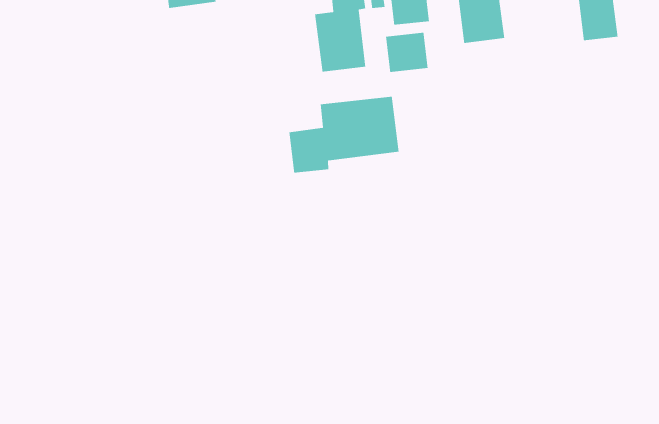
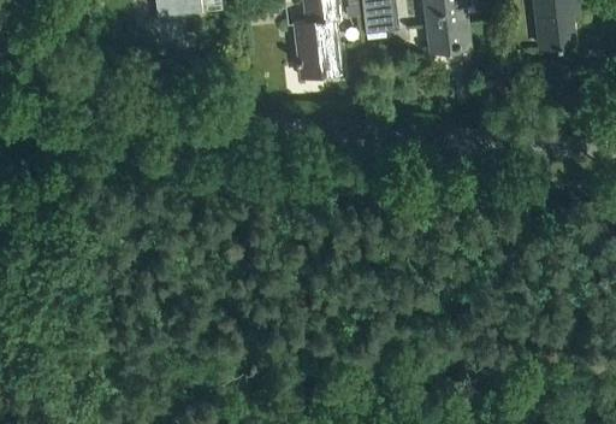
building: [385,32,428,73] -> none
building: [289,96,399,173] -> none

